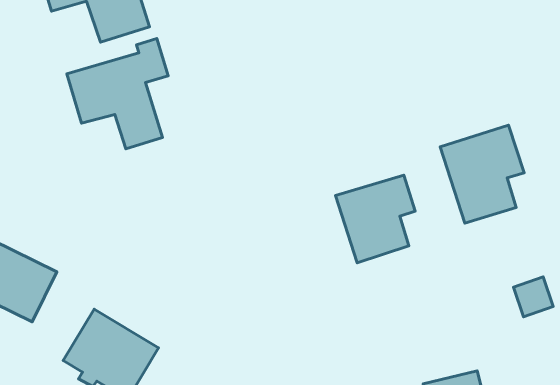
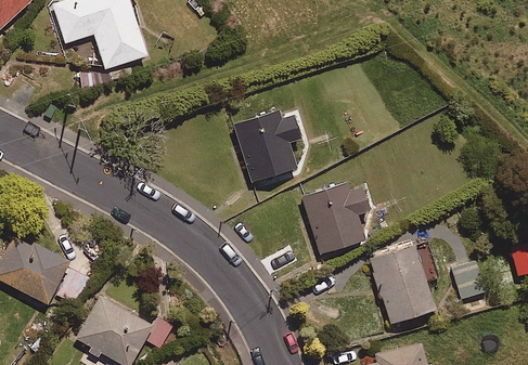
building: [67,39,168,149] -> none
building: none -> [235,112,299,182]
building: [440,125,524,223] -> [371,242,441,324]

